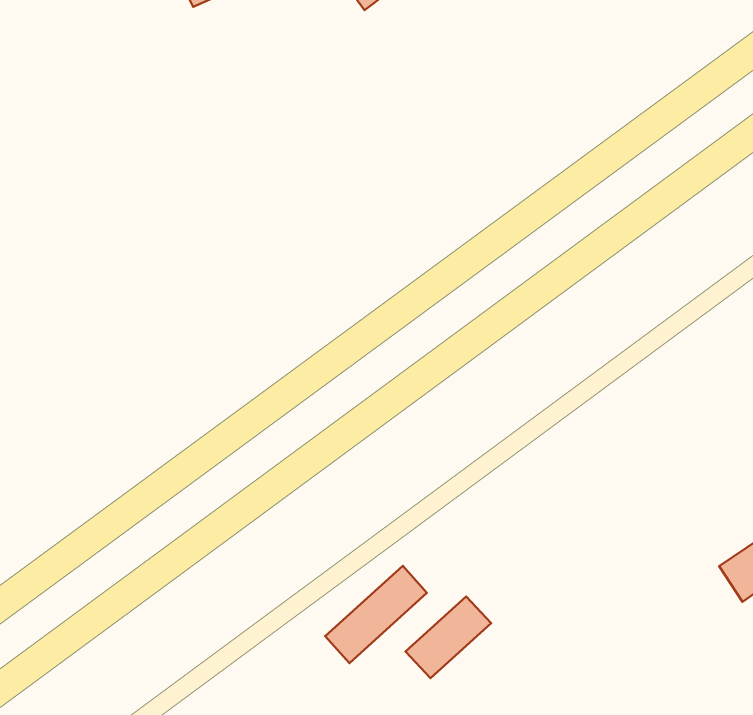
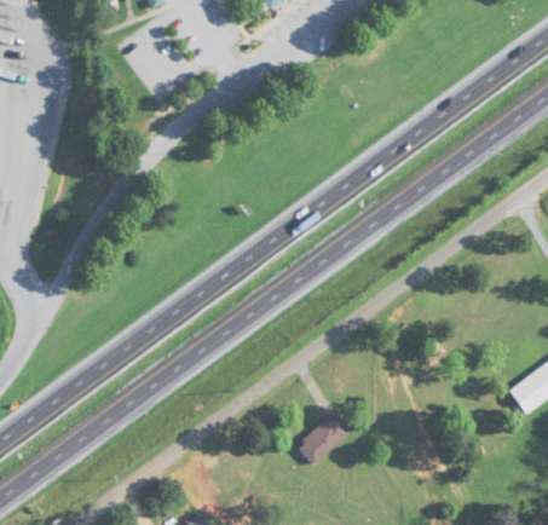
building: [325,566,427,663] -> none

